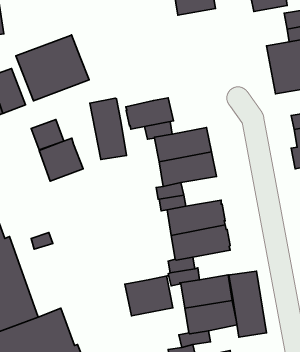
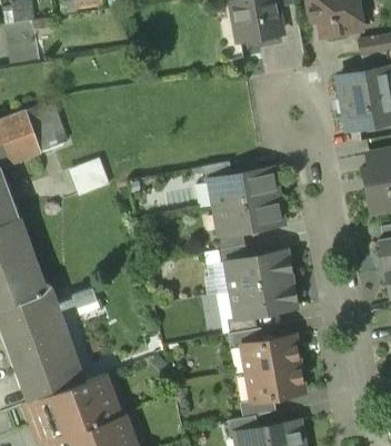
building: [16,35,89,101] -> none
building: [126,98,174,129] -> none
building: [90,98,126,159] -> none
building: [39,138,83,181] -> none
building: [229,271,267,337] -> none
building: [125,276,173,316] -> none

